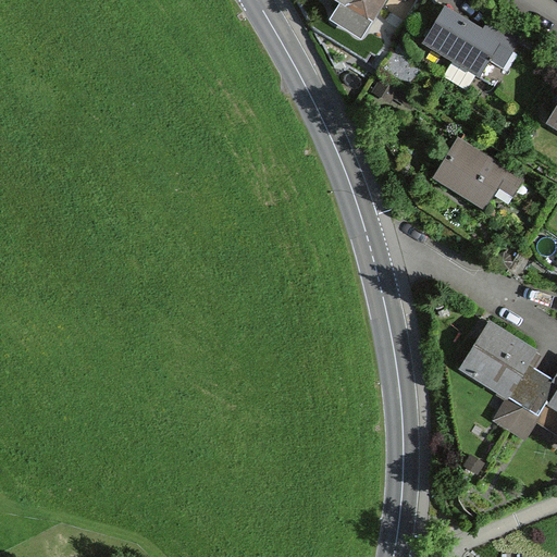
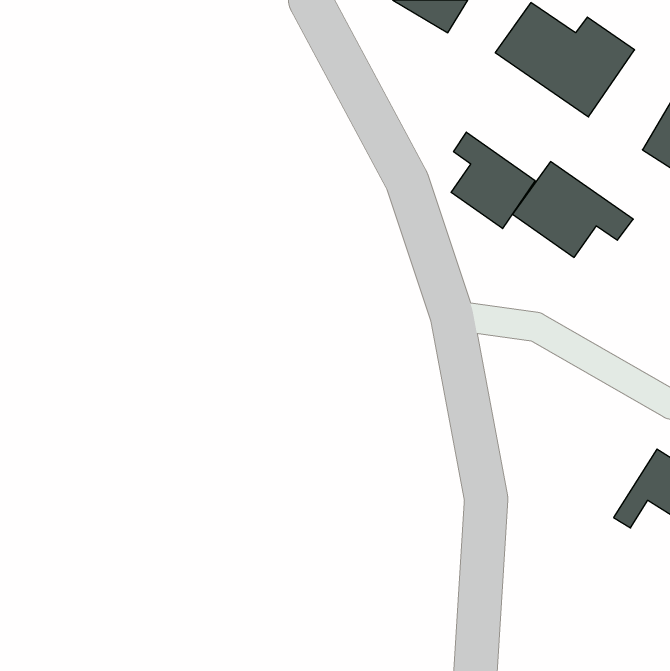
building: none -> [451,132,535,229]
building: [467,321,545,429] -> none

